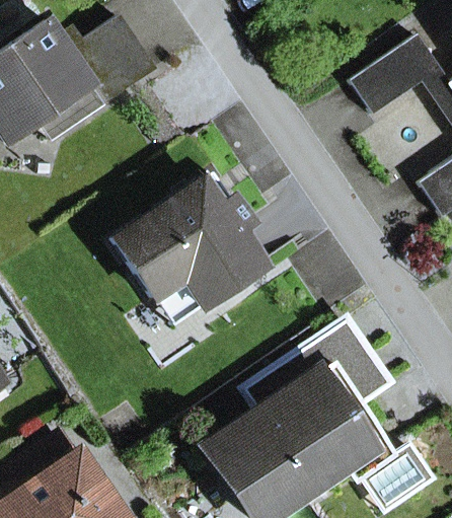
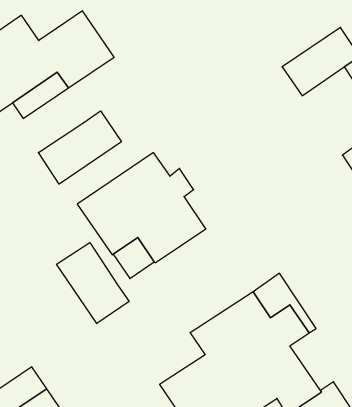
building: none -> [38,111,121,184]
building: none -> [57,243,129,324]

